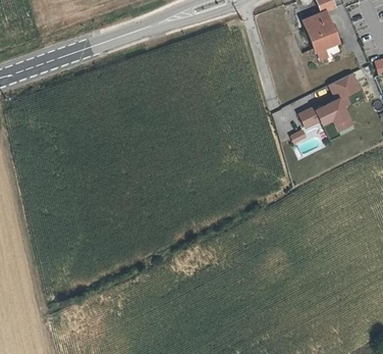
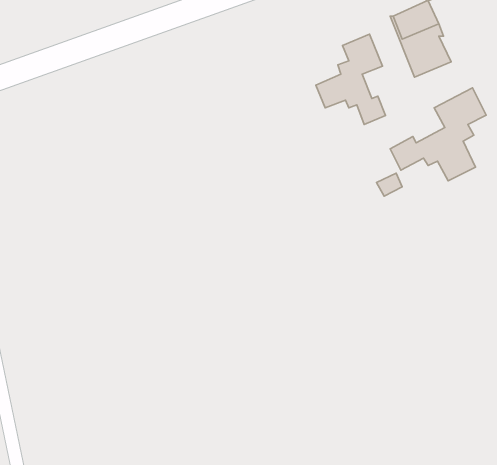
building: none -> [316,34,385,124]

